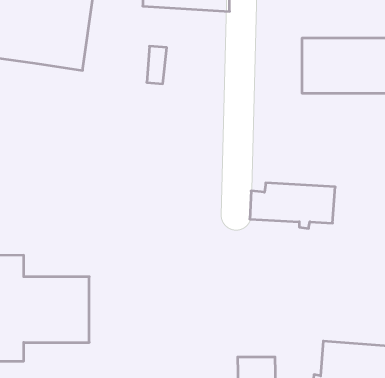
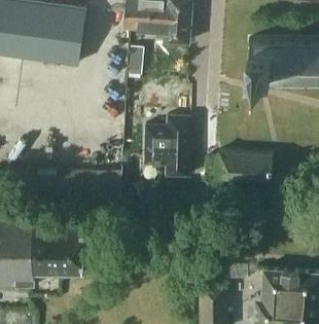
building: none -> [123,15,191,43]
building: none -> [151,116,190,176]

